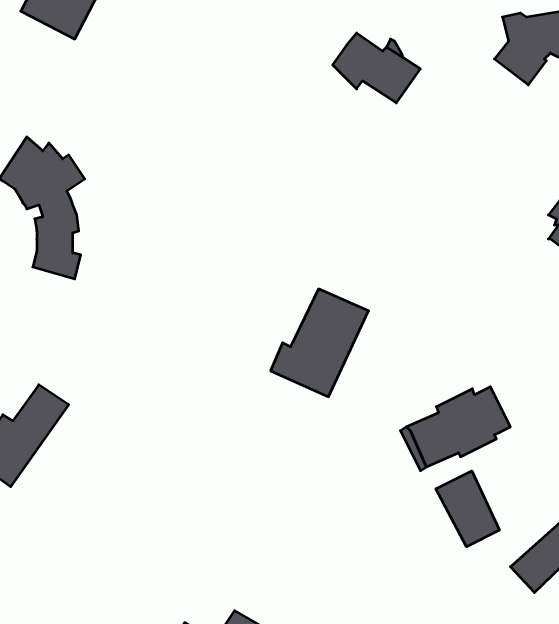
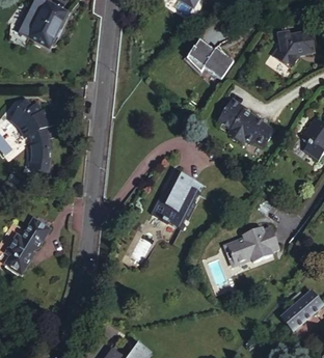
building: none -> [214,97,270,145]
building: [436,471,499,547] -> none

